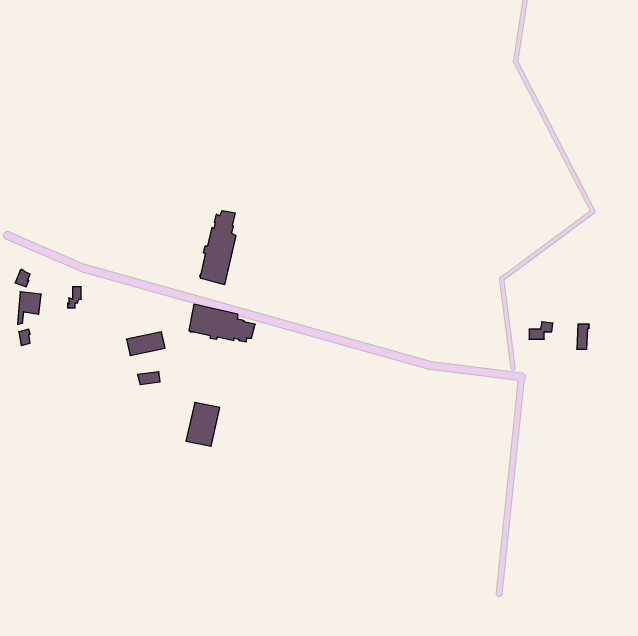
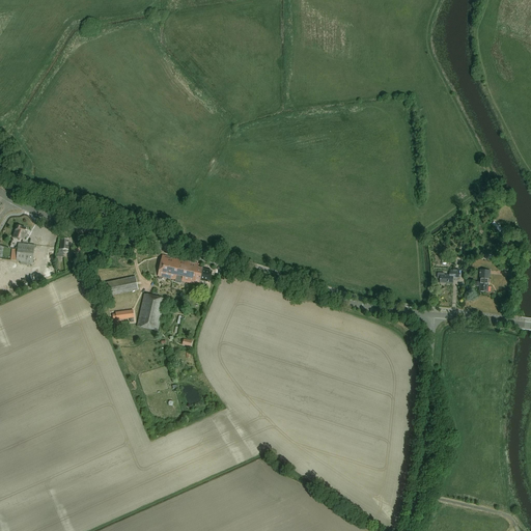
building: [200,211,236,285] -> none
building: [186,402,220,446] -> [136,292,164,329]

